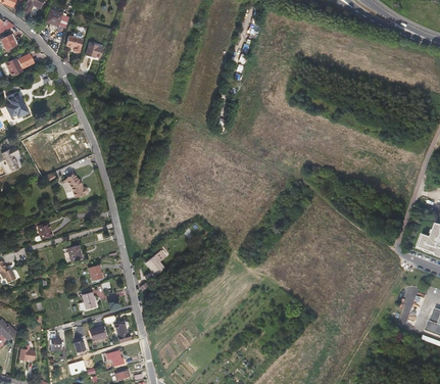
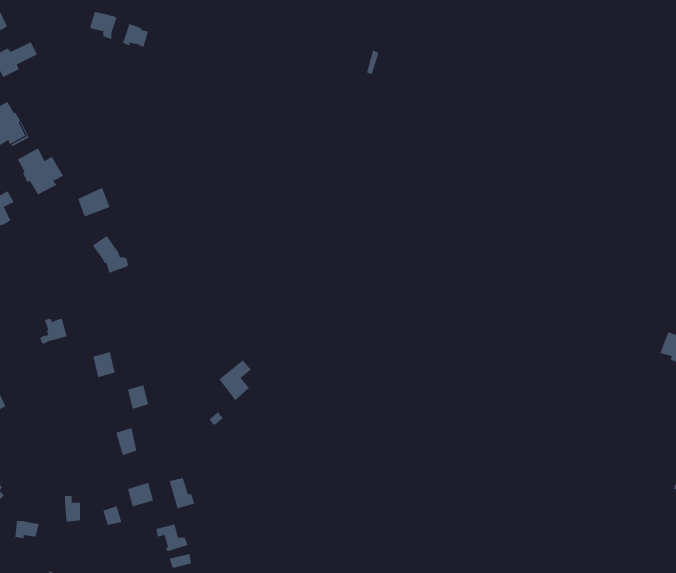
building: none -> [17,148,64,195]

